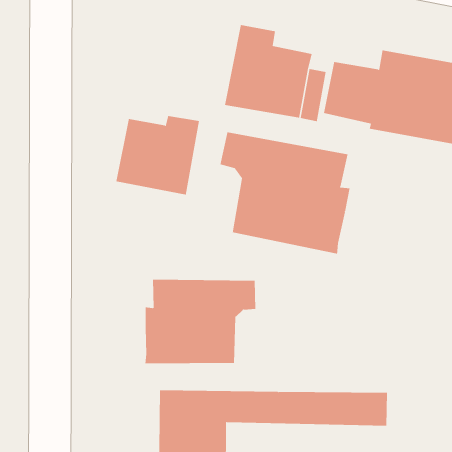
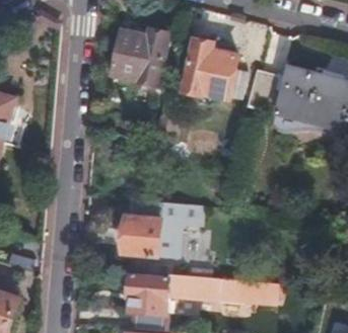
building: [116,115,200,195] -> [111,31,167,83]
building: [220,132,350,254] -> none

